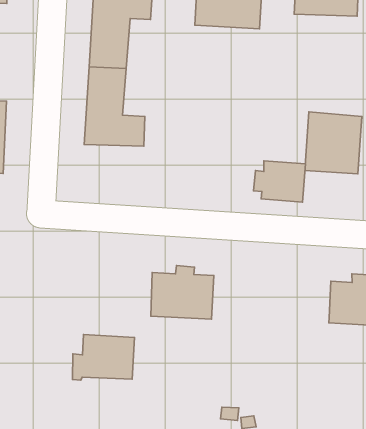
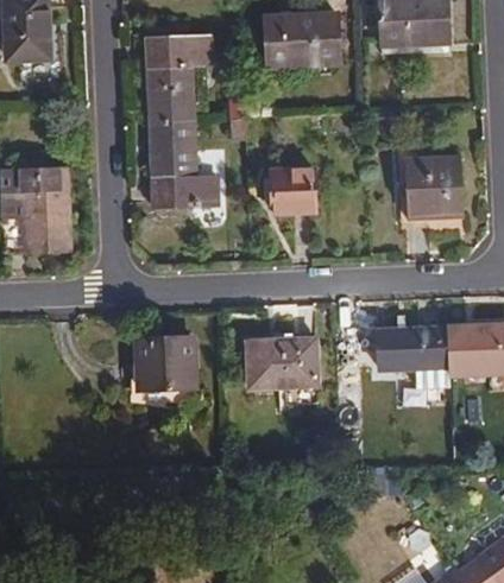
building: [253,161,305,202] -> [263,163,319,207]
building: none -> [380,332,447,375]
building: [72,334,134,380] -> [130,342,199,395]

